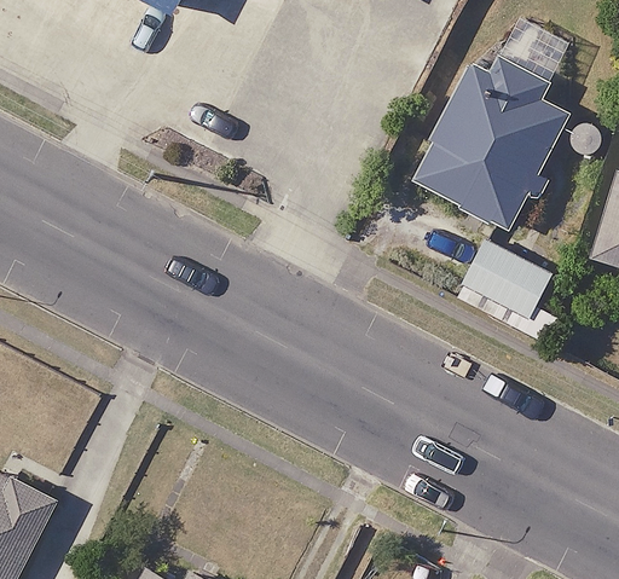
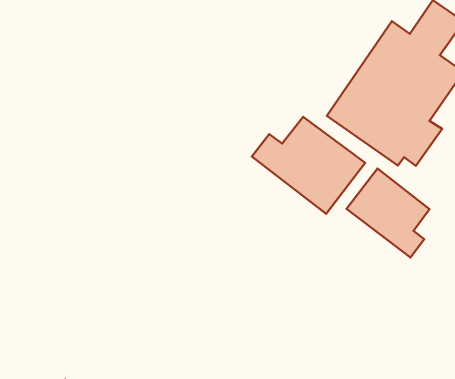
building: none -> [252,117,365,214]

